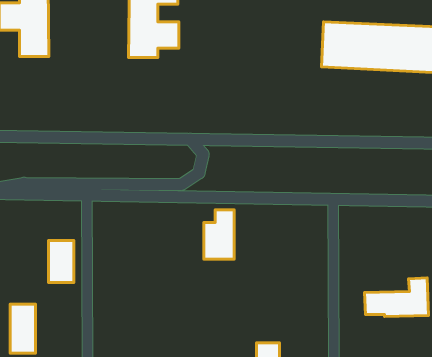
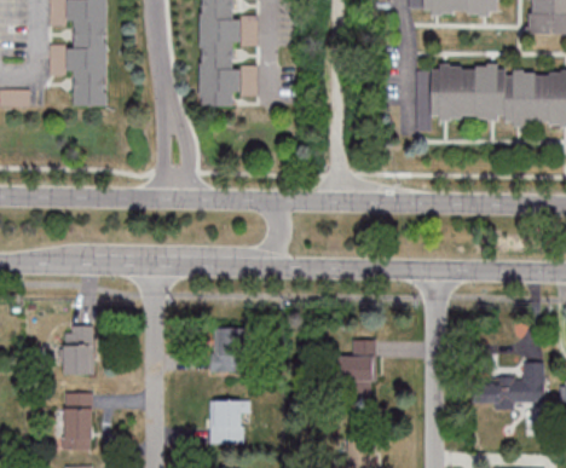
building: [204,210,234,259] -> [340,340,375,397]
building: [49,241,74,282] -> [63,327,92,375]
building: none -> [210,329,241,371]
building: none -> [212,400,248,443]

